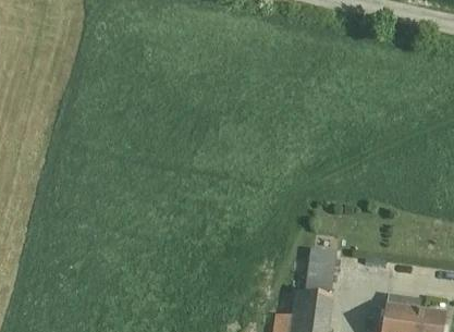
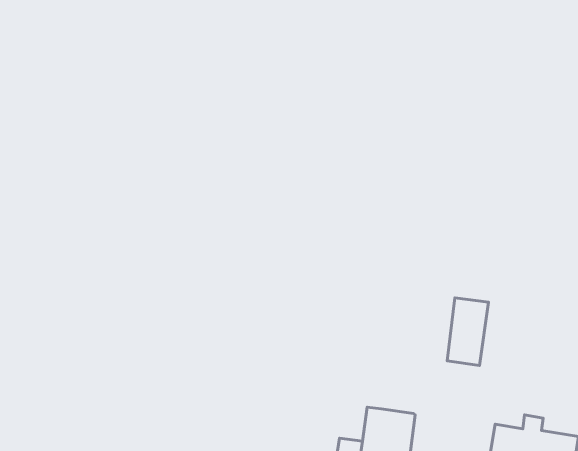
building: [307,247,336,295] -> [447,298,489,366]

